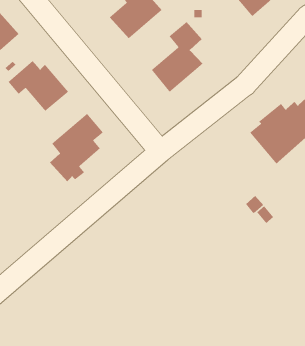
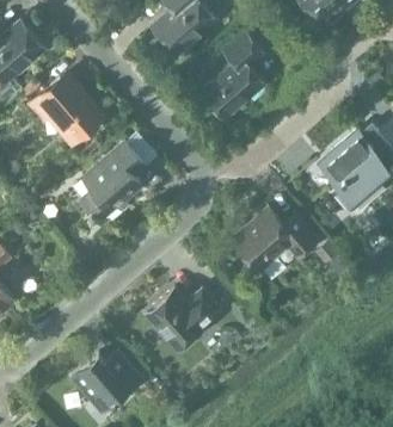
building: none -> [231,211,318,271]
building: none -> [145,289,220,349]
building: none -> [70,353,140,411]

